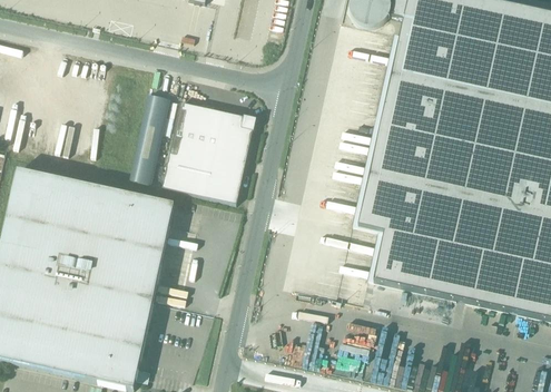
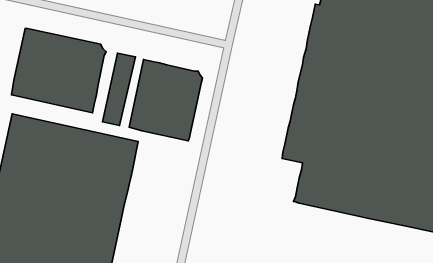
building: none -> [12,28,106,113]

